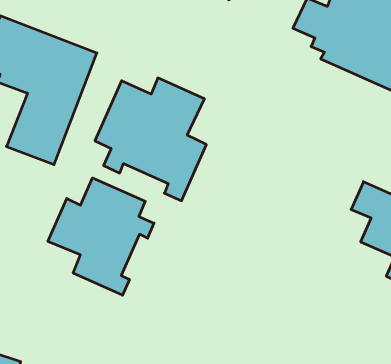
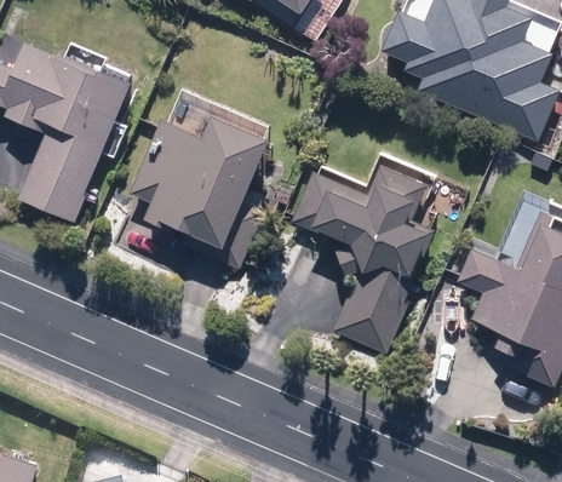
building: none -> [293,161,432,351]
building: [48,178,154,295] -> none

